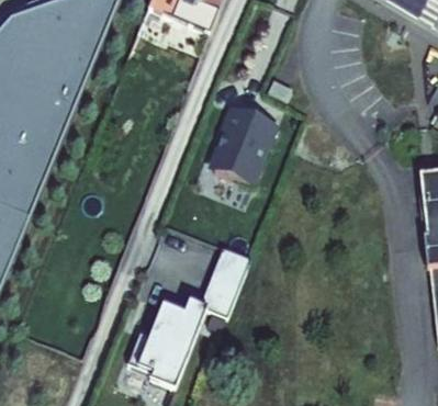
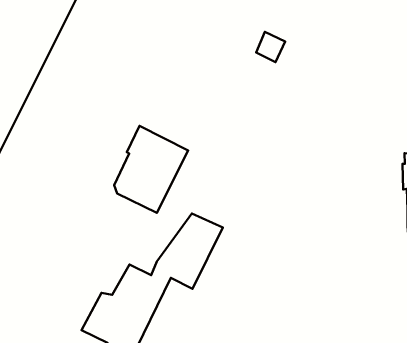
building: [209,108,276,188] -> [114,126,188,213]

